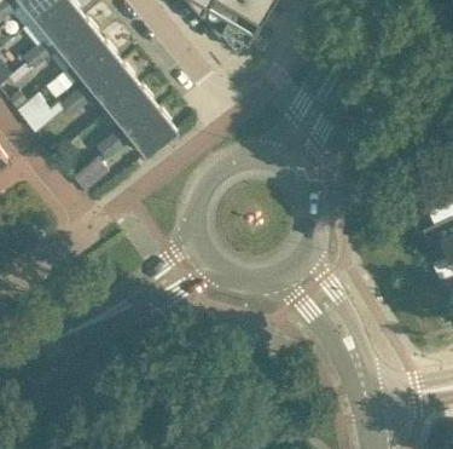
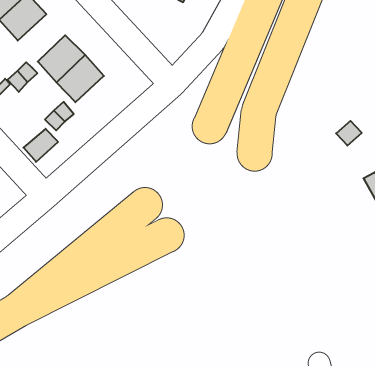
building: [74,41,123,90] -> none
building: [129,109,179,157] -> none

